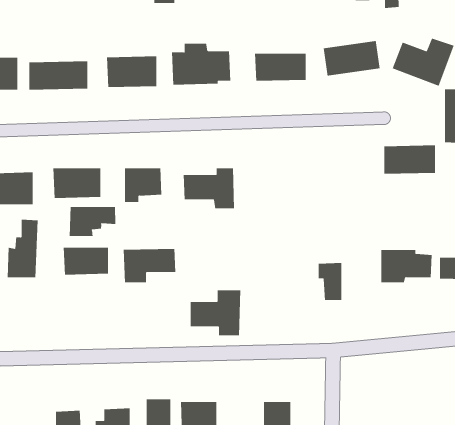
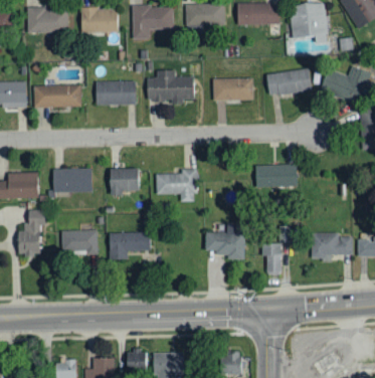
building: [383,145,436,174] -> [255,165,297,188]
building: [69,206,116,237] -> none
building: [190,290,241,336] -> [205,223,245,259]

